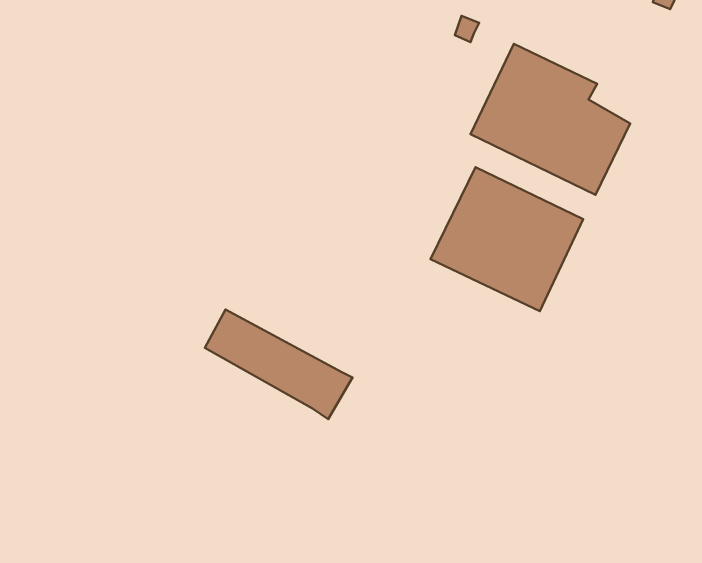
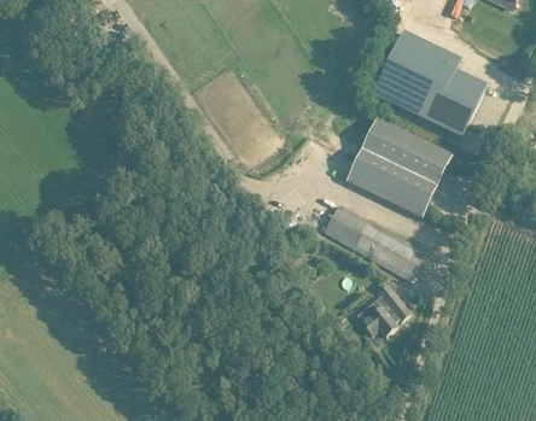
building: [205,310,352,419] -> [324,204,426,280]
building: none -> [357,283,410,335]

